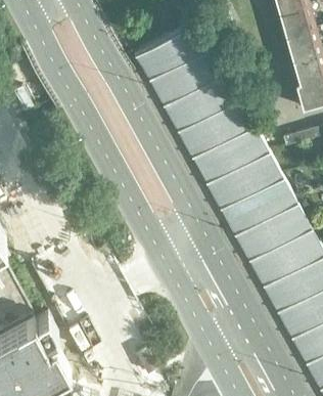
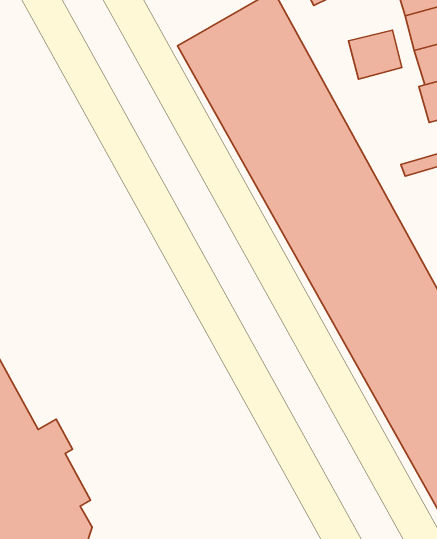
building: none -> [348,30,402,79]

